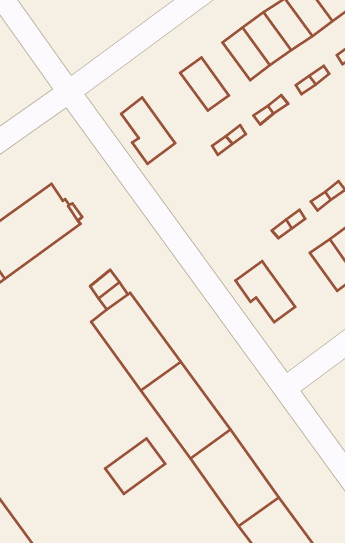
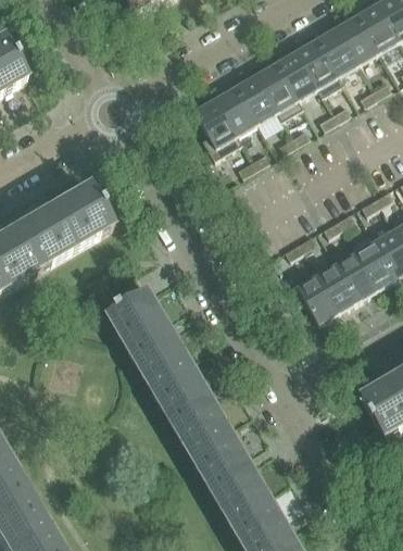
building: none -> [237,72,279,121]
building: [121,98,175,164] -> [196,96,242,156]
building: [235,261,295,322] -> [288,264,340,321]
building: [105,439,165,494] -> none

